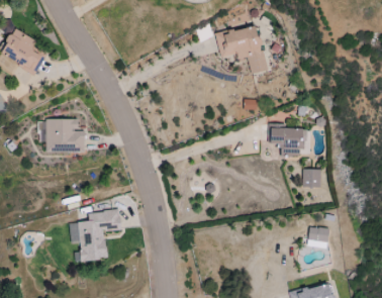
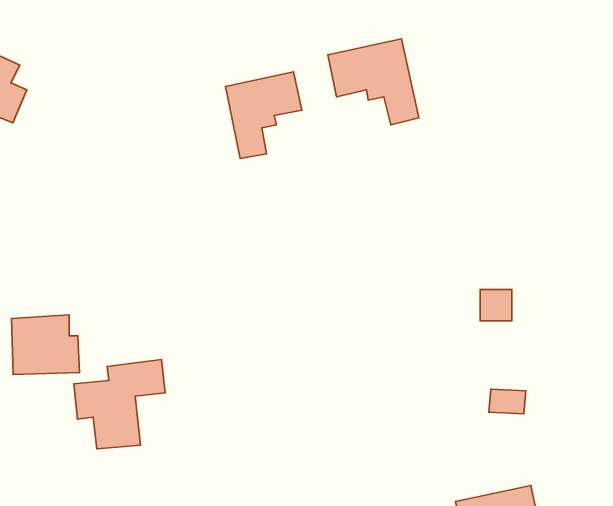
building: none -> [225,72,302,159]
building: [45,117,85,152] -> [11,315,80,374]
building: [271,123,305,156] -> none

